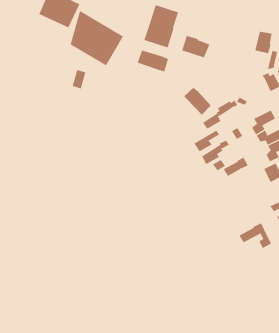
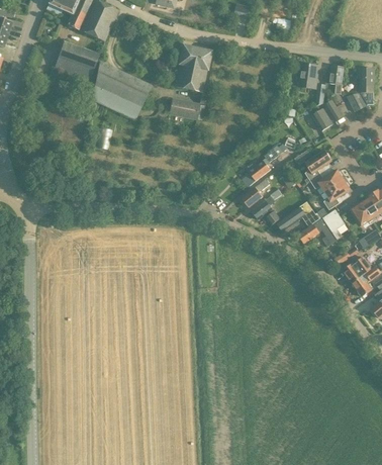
building: [181,35,210,58] -> none
building: [183,87,212,116] -> none
building: [238,222,272,249] -> [298,217,337,247]

